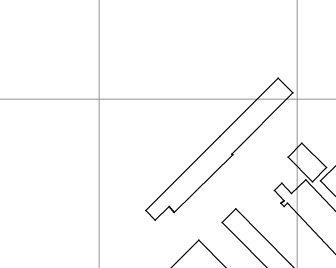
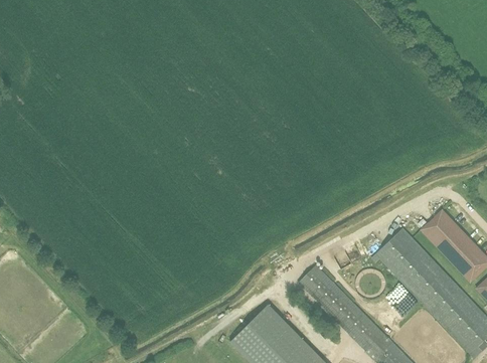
building: [146,78,293,220] -> none
building: [288,143,327,182] -> none

